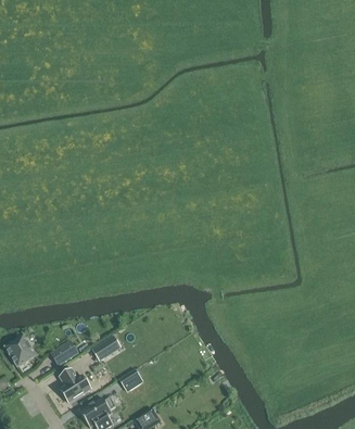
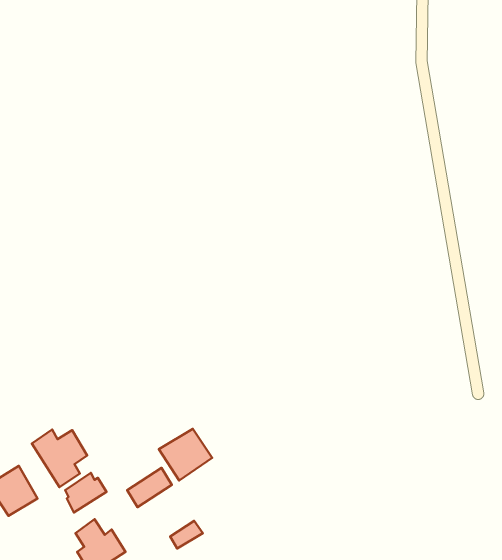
building: none -> [159,429,212,481]
building: none -> [32,430,87,487]

